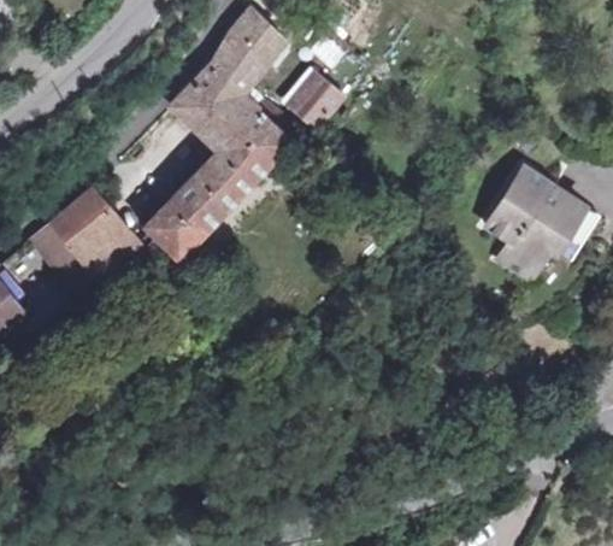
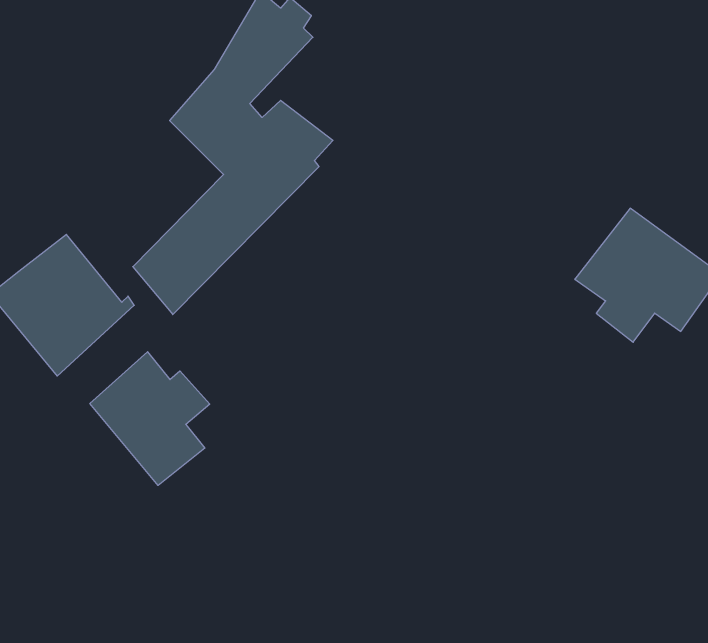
building: [291,69,340,117] -> none
building: none -> [90,352,210,485]

